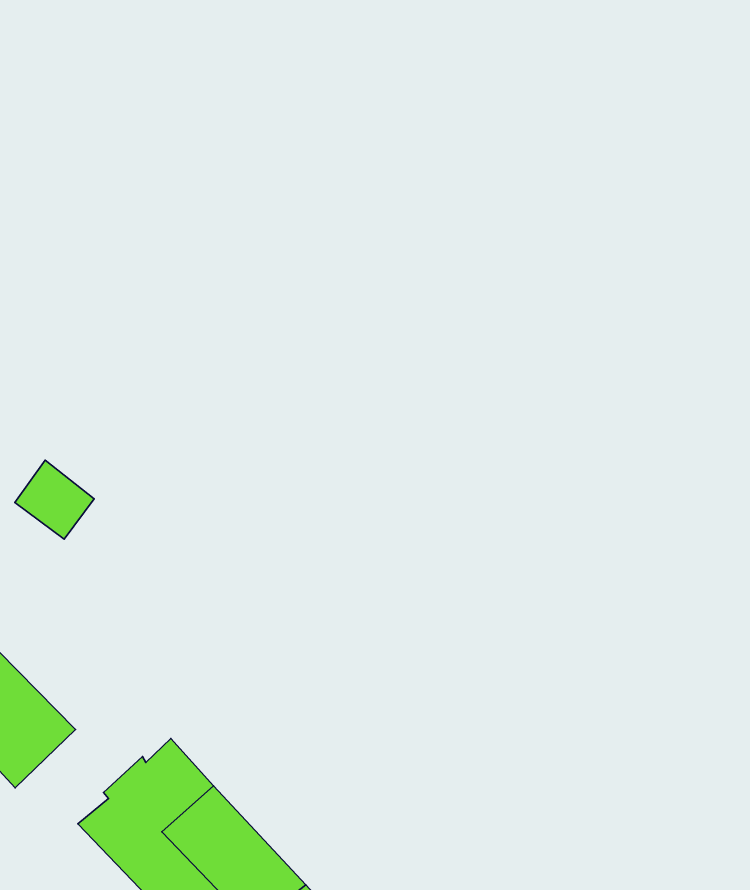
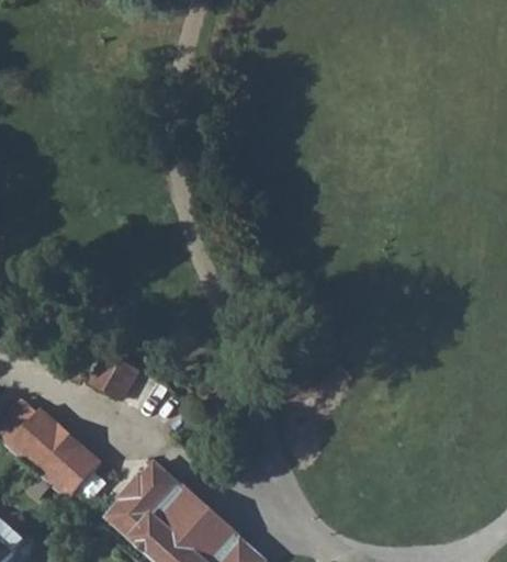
building: [15,460,94,539] -> [90,353,136,398]

